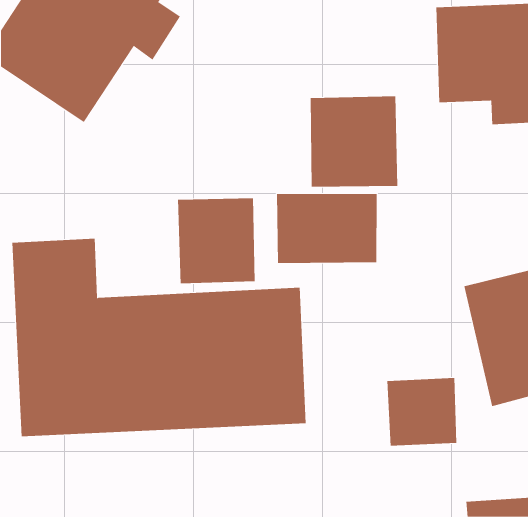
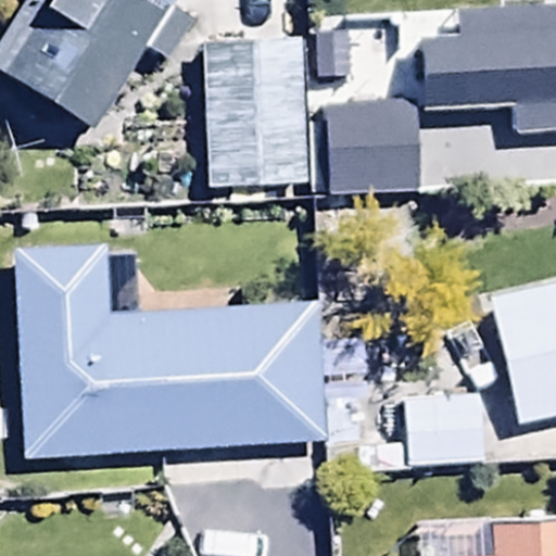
building: none -> [203,42,309,189]
building: [277,193,377,264] -> none
building: [177,198,255,284] -> none

